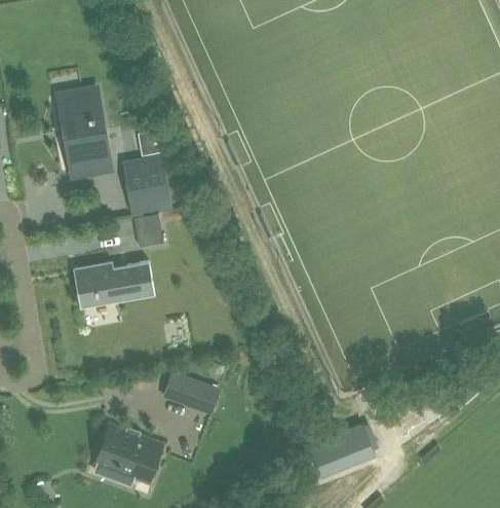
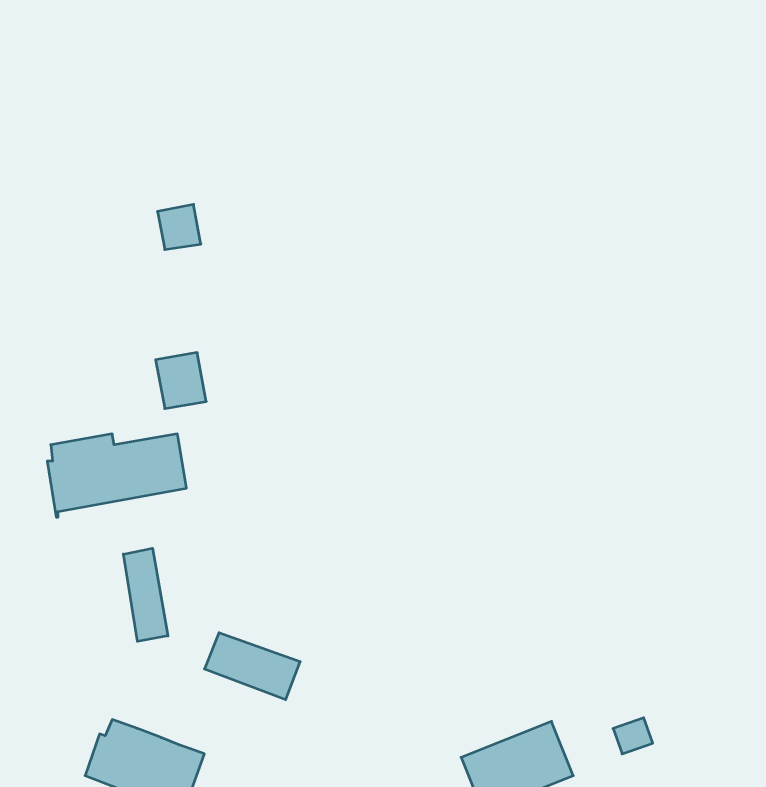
building: [61,96,110,171] -> none
building: [124,160,169,212] -> none
building: none -> [123,548,168,641]

